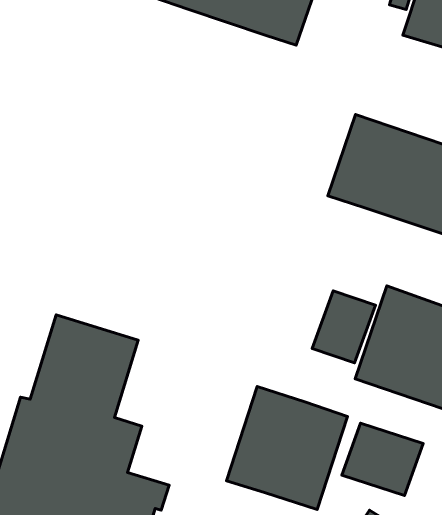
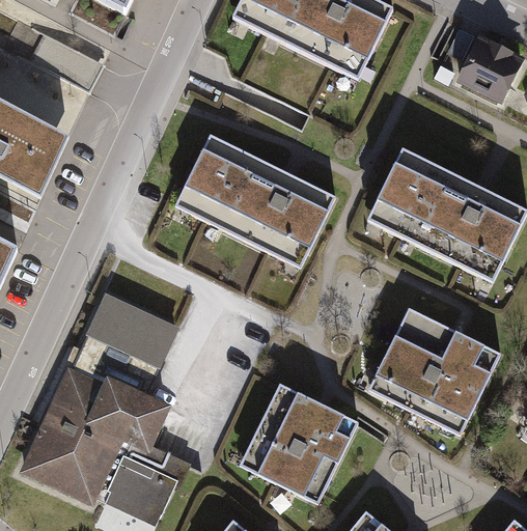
building: none -> [174,134,335,267]
building: [312,291,375,363] -> none
building: [342,423,423,495] -> none

